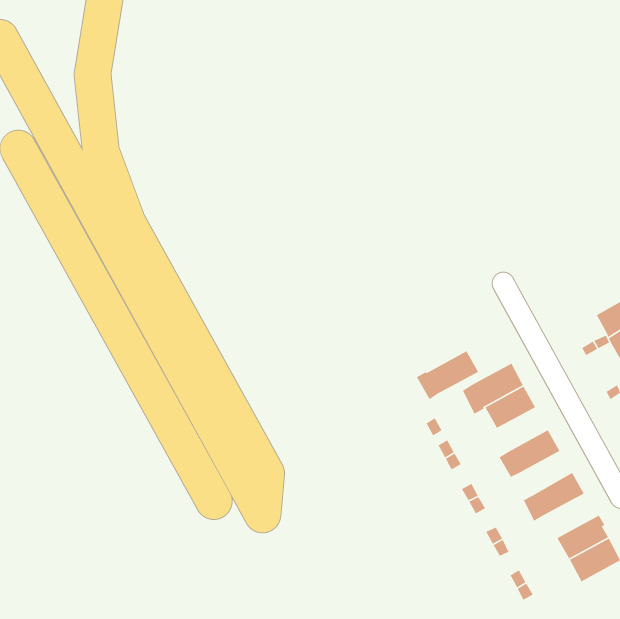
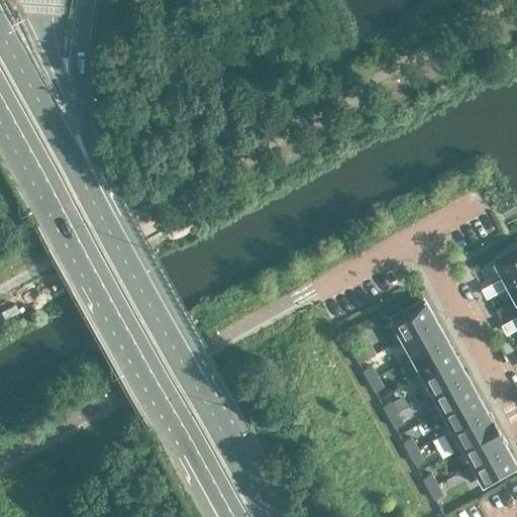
building: [416,350,479,400] -> [404,340,456,382]
building: none -> [425,377,477,417]
building: none -> [444,412,499,454]

